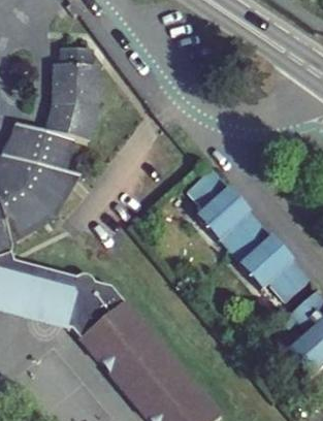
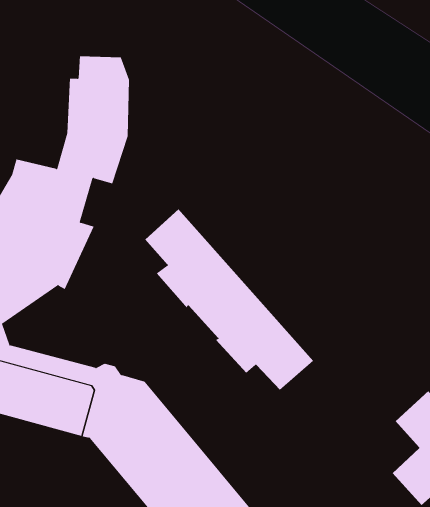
building: [189,167,313,300] -> [145,209,314,391]

